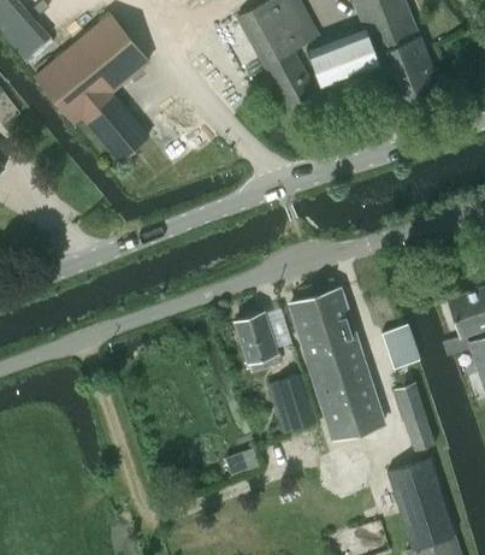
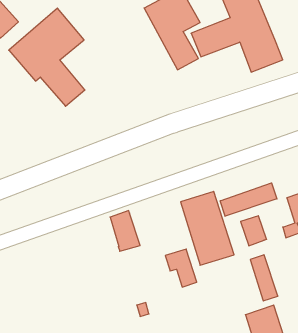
building: none -> [220,183,277,216]
building: [236,312,280,372] -> [110,211,140,251]
building: [320,382,384,438] -> none

